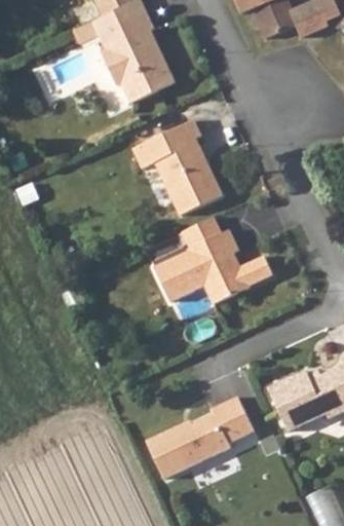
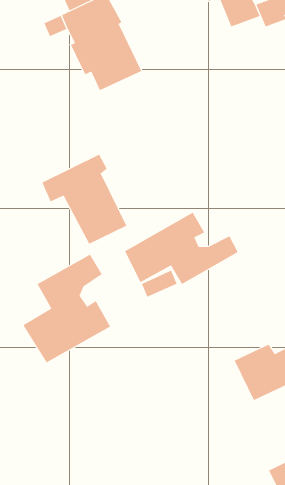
building: [130,118,220,213] -> [41,154,127,244]
building: none -> [22,254,111,363]
building: [153,393,260,480] -> none

